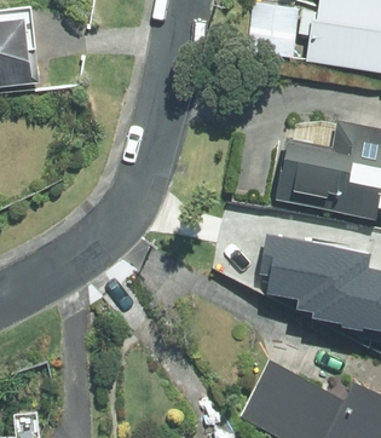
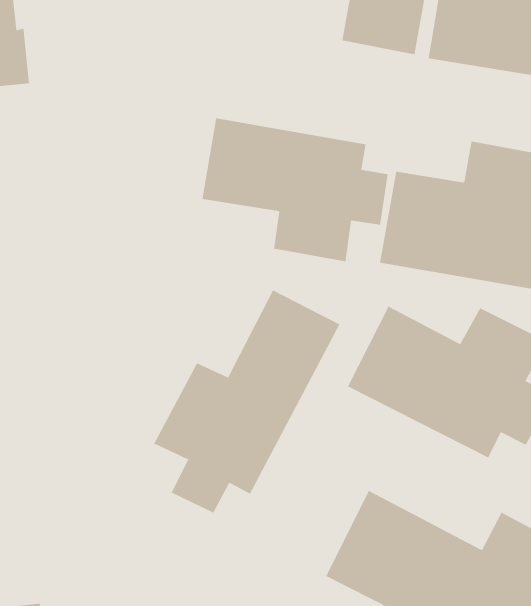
building: none -> [202,117,388,262]
building: none -> [154,289,340,514]

